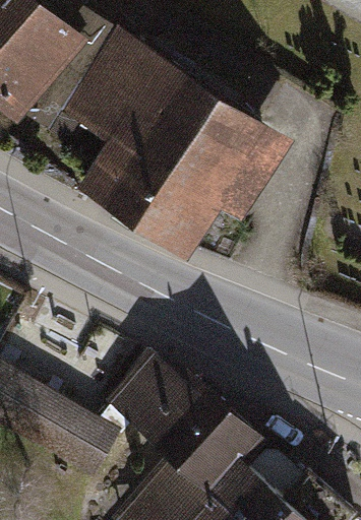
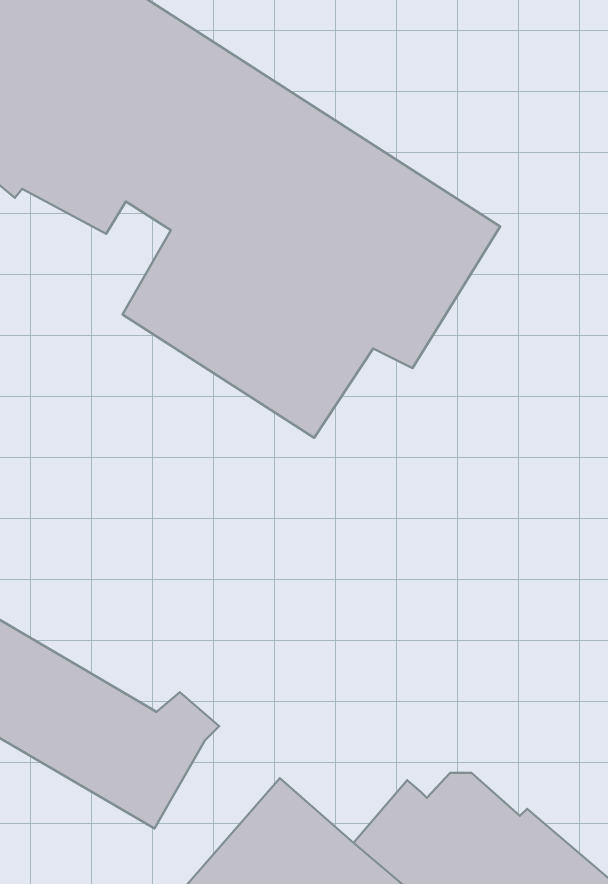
building: [105,348,270,492] -> none

